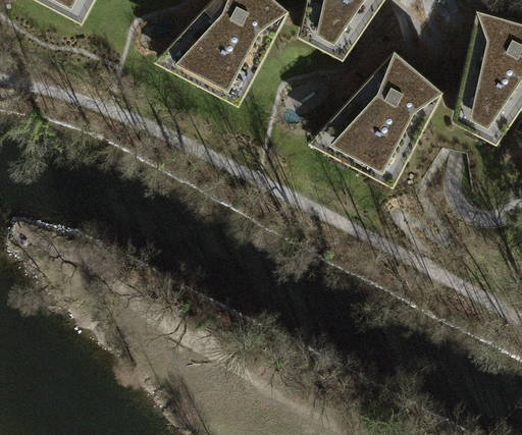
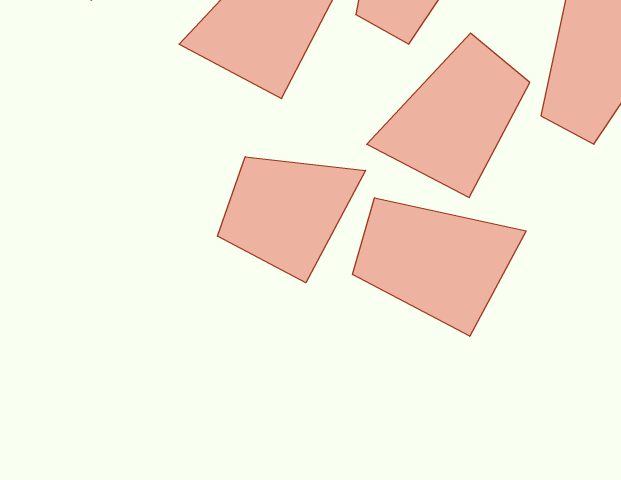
building: none -> [217,157,366,283]
building: none -> [353,198,526,336]

